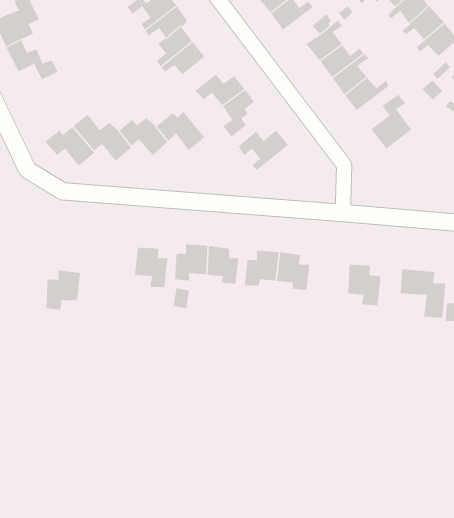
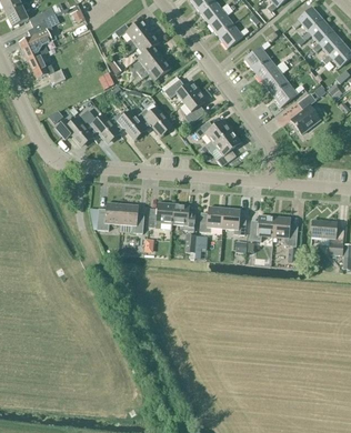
building: none -> [208,130,240,167]
building: none -> [250,214,274,240]
building: [45,270,81,310] -> [97,201,122,230]

